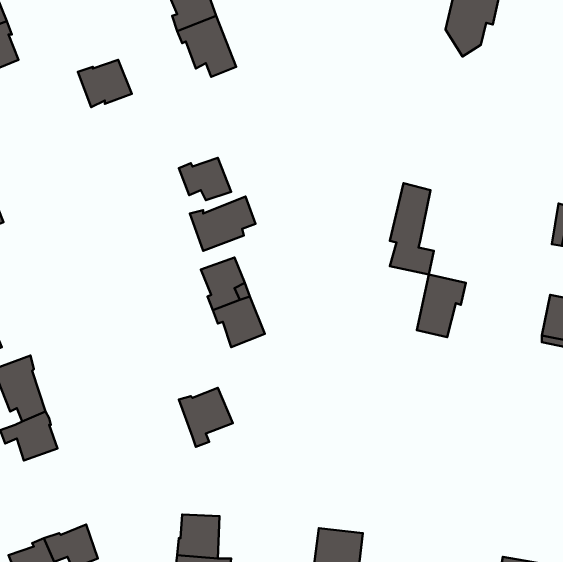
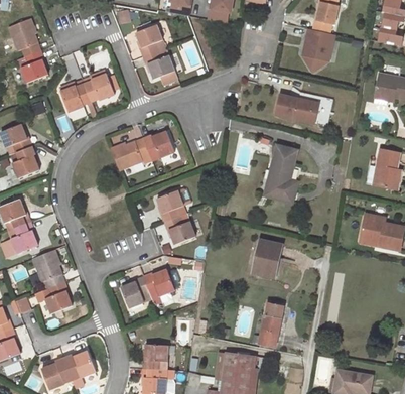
building: none -> [59,81,91,112]
building: none -> [274,94,316,123]
building: [190,197,256,251] -> [110,138,149,170]
building: [417,275,466,337] -> [252,240,281,277]
building: none -> [120,276,151,308]
building: none -> [258,302,283,348]

